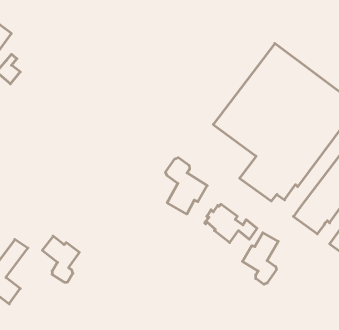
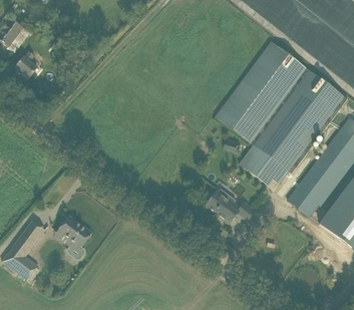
building: [166,158,207,214] -> none
building: [242,233,278,284] -> none

